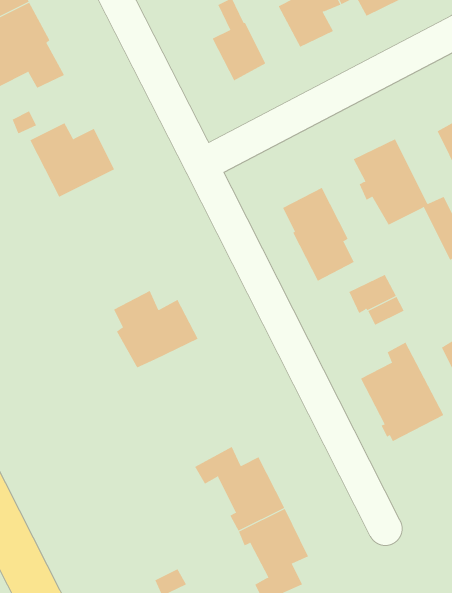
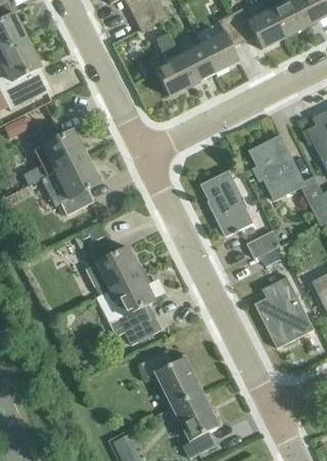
building: none -> [176,44,214,84]
building: none -> [41,157,97,214]
building: none -> [111,275,161,344]

